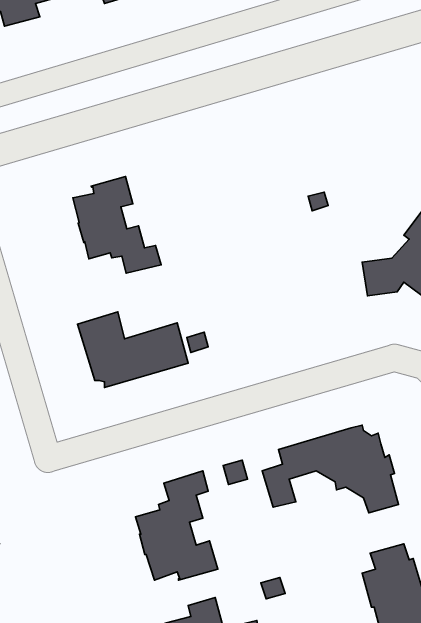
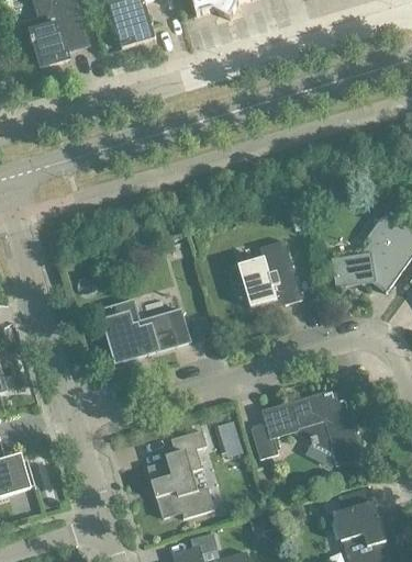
building: [73,177,161,273] -> none
building: none -> [232,240,302,307]

